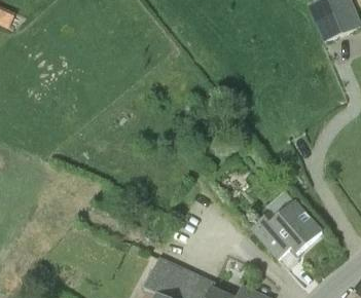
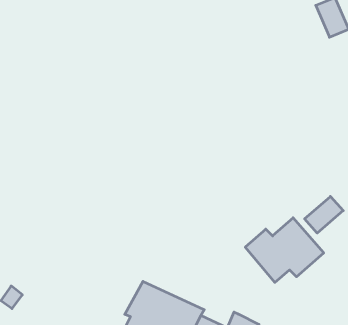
building: none -> [305,196,343,233]

